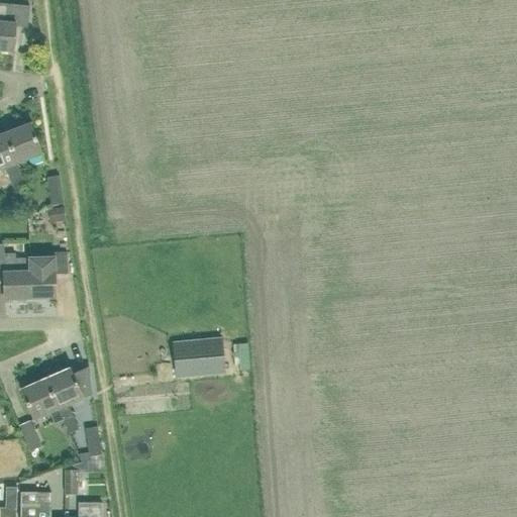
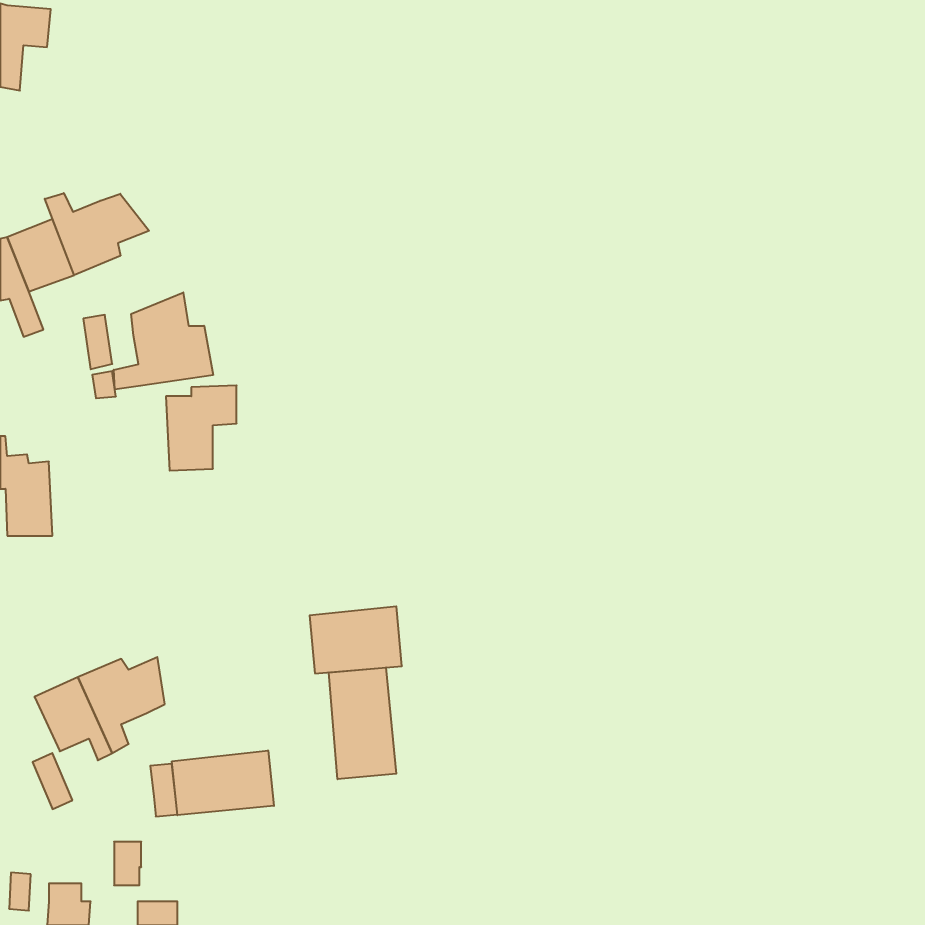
building: none -> [45,193,149,275]
building: none -> [114,292,213,390]
building: [27,251,67,299] -> [166,385,237,471]
building: none -> [329,667,396,779]
building: none -> [172,750,274,815]

